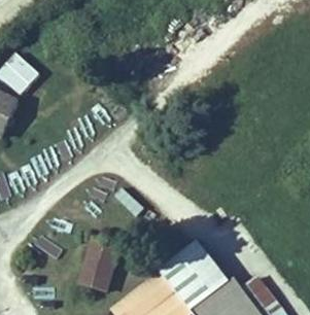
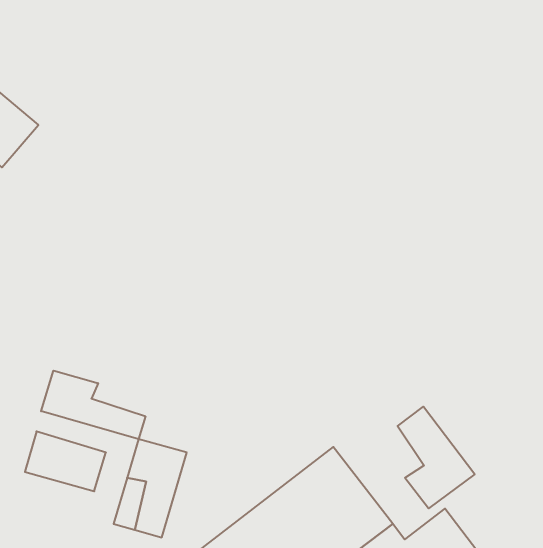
building: none -> [41,371,145,439]
building: none -> [398,407,475,508]

